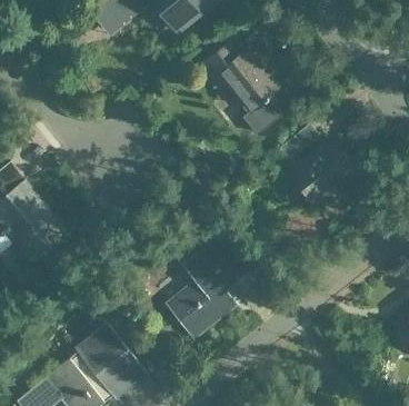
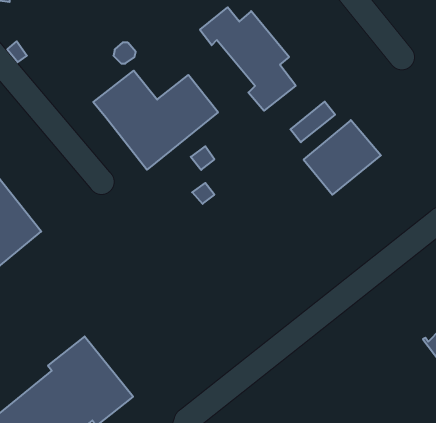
building: none -> [93,71,218,170]
building: [169,237,250,338] -> none

